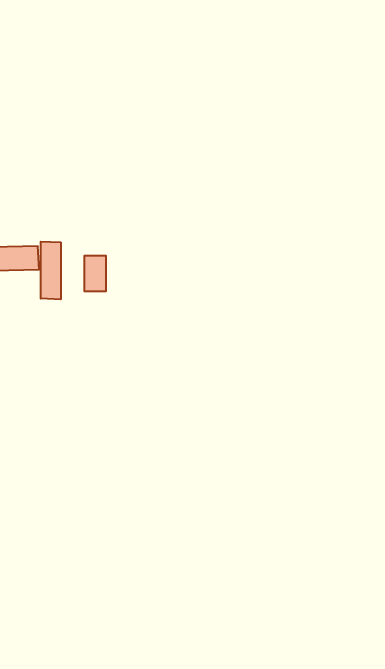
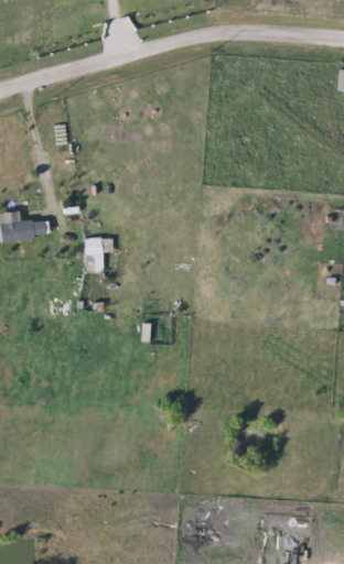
building: [41,242,61,299] -> none

